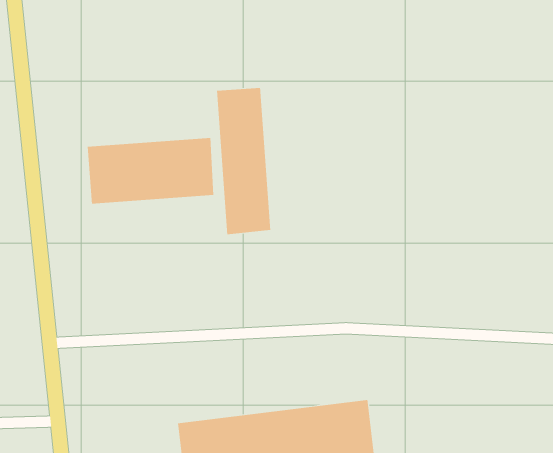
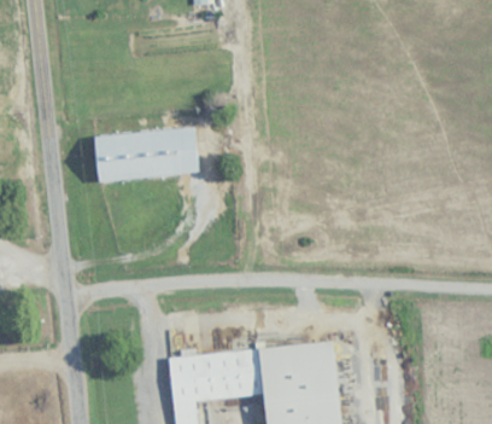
building: [216,87,271,235] -> none

